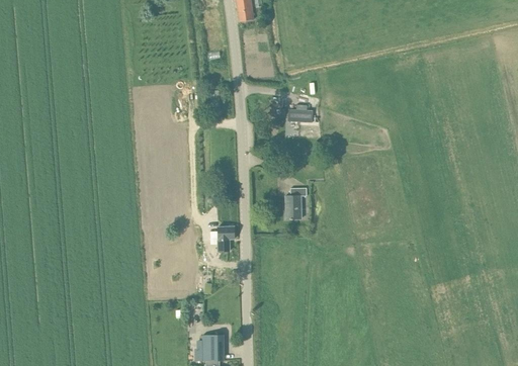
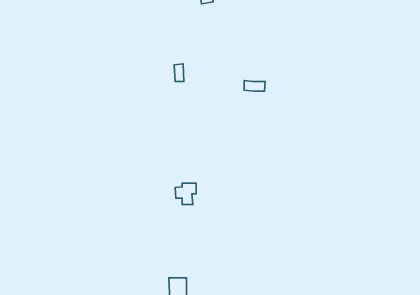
building: [285,188,307,218] -> none

